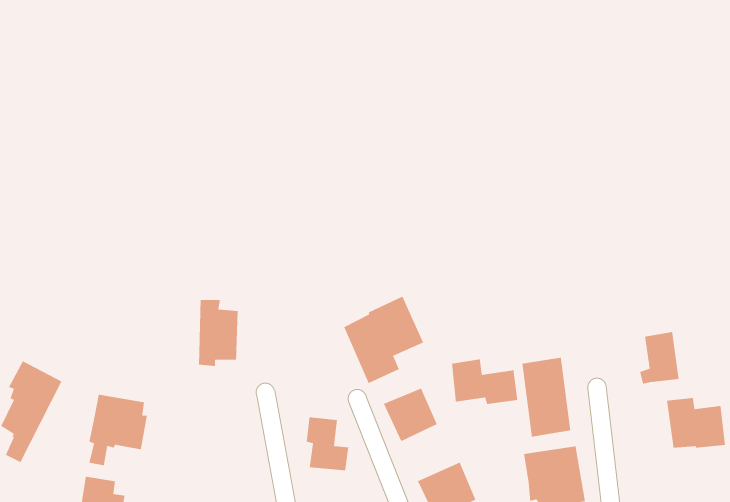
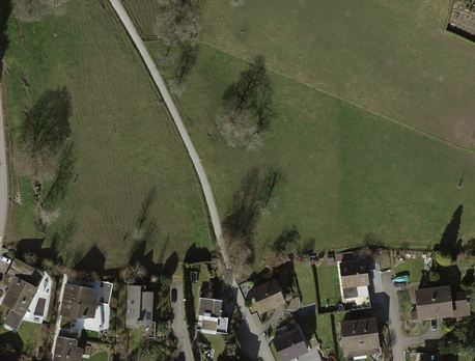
building: [343,295,424,384] -> none
building: [198,299,239,367] -> [127,284,152,328]
building: [639,331,679,384] -> [410,287,436,322]
building: [451,359,518,405] -> none

